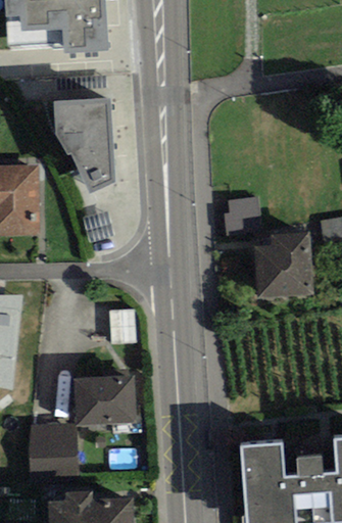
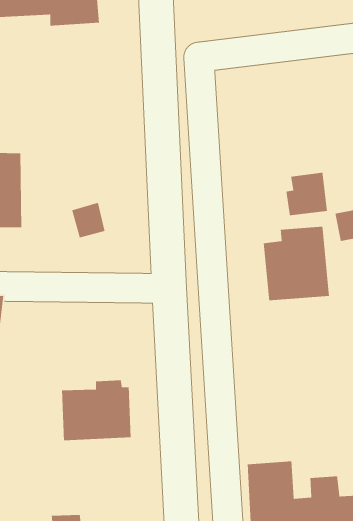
building: [54,98,114,193] -> none
building: [224,197,261,237] -> [286,172,328,216]
building: [109,308,135,343] -> none
building: [28,425,77,480] -> none

